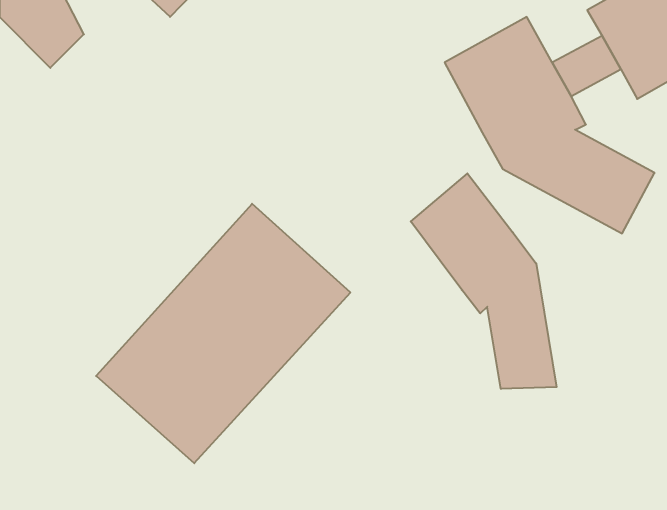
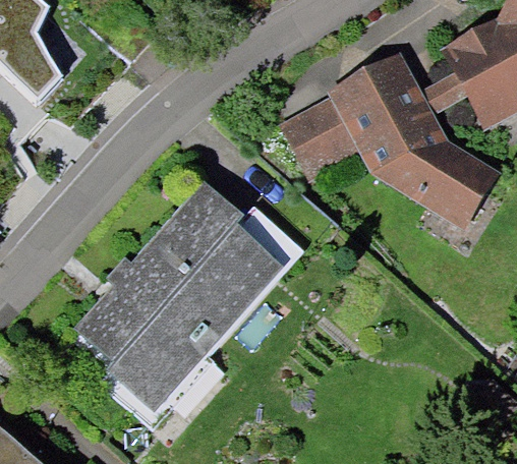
building: none -> [286,93,365,172]
building: [411,173,557,389] -> none

